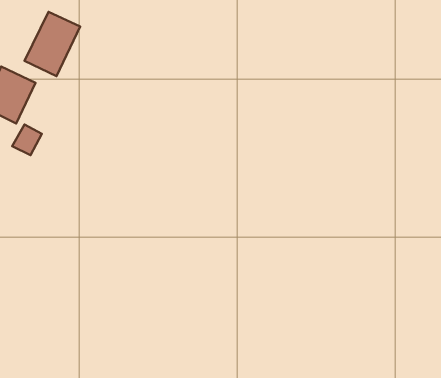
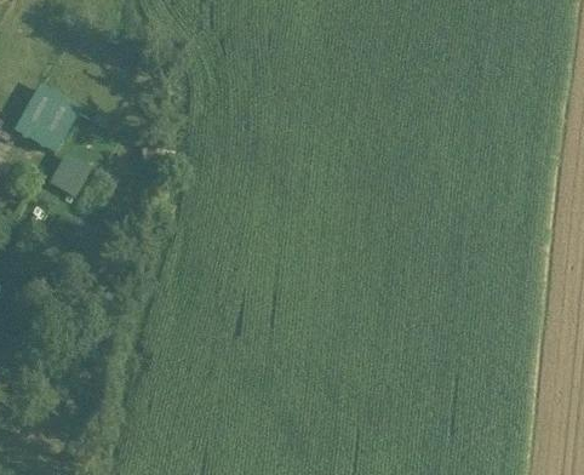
building: [24,12,80,76] -> none

